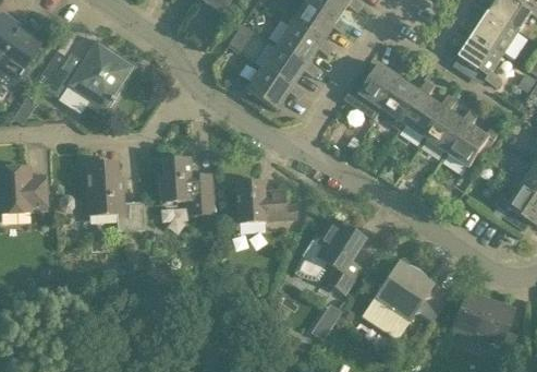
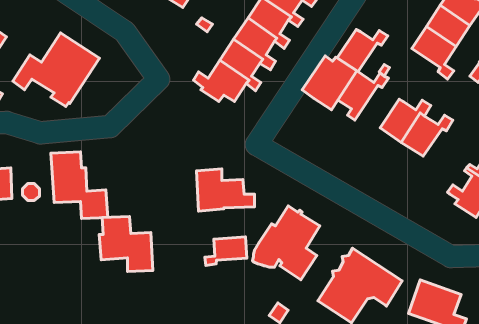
building: [405,93,457,136] -> [337,29,388,72]
building: [159,157,215,214] -> [99,217,153,271]
building: none -> [205,237,247,265]

